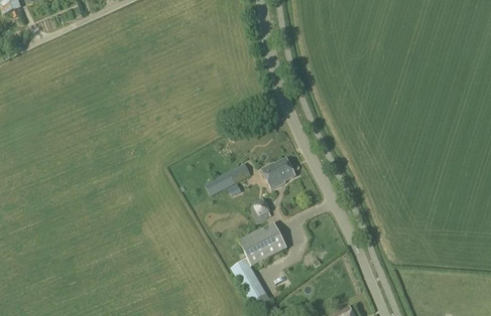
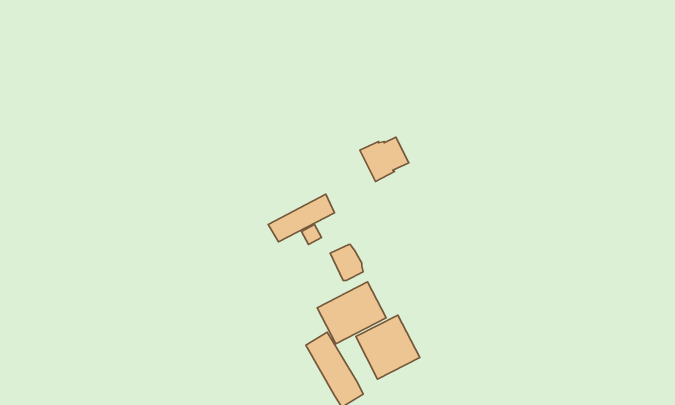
building: [259,157,293,188] -> [360,137,409,182]
building: none -> [356,315,420,379]

